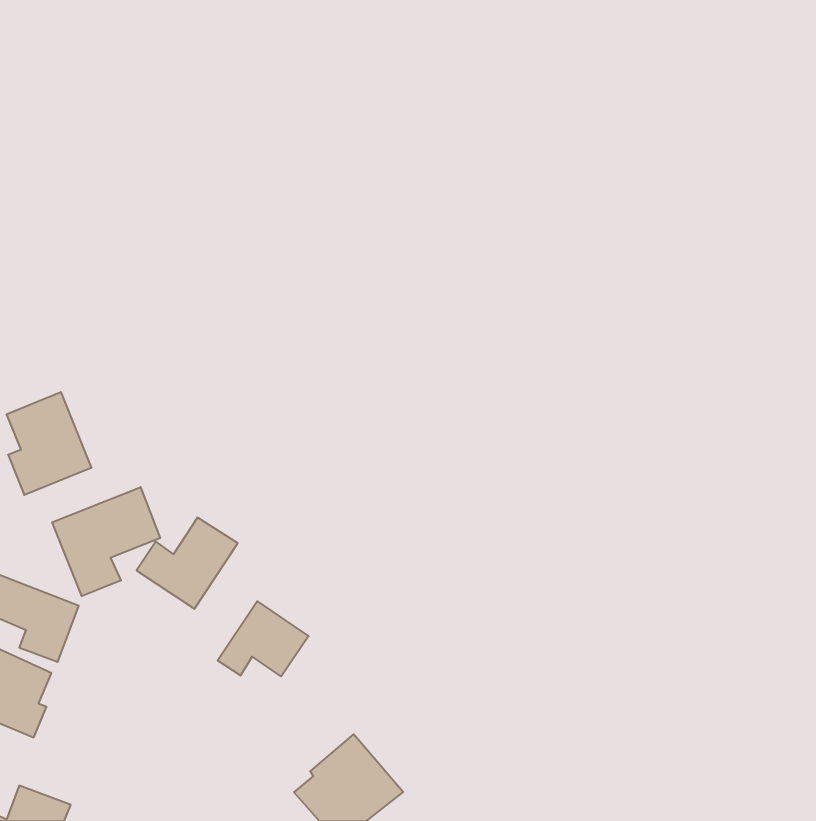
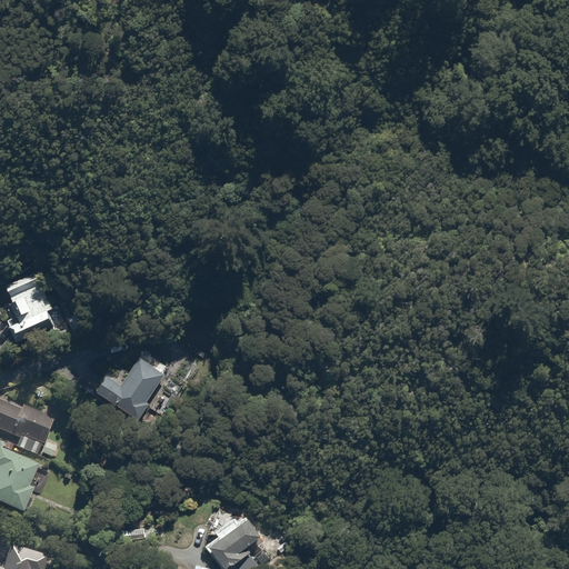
building: [52,487,160,596] -> none
building: [218,601,309,676] -> none

